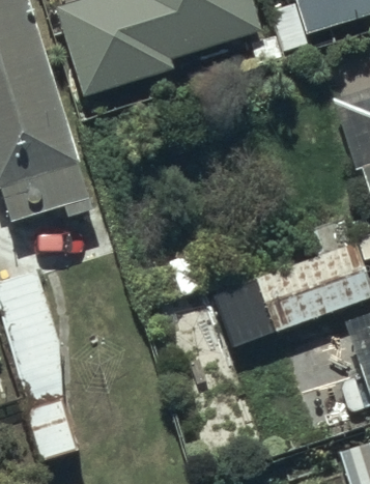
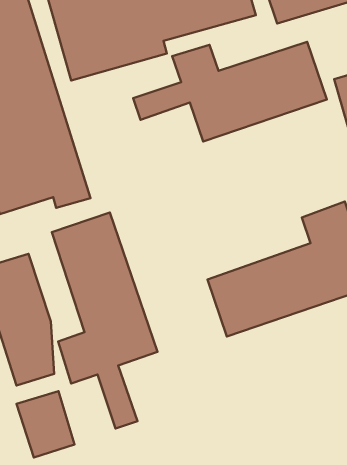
building: none -> [133,42,327,142]
building: none -> [52,212,157,429]

